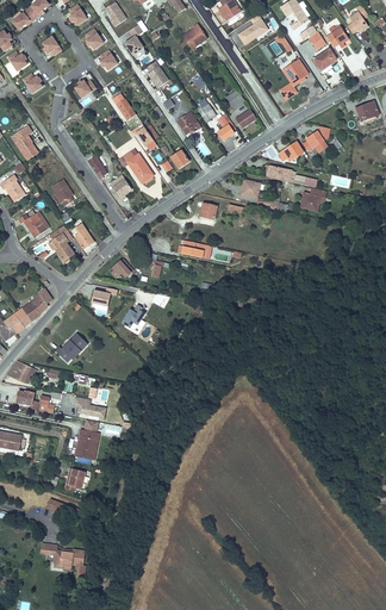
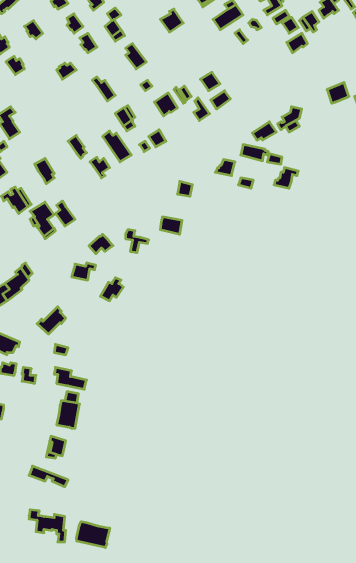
building: [278,60,307,99] -> none
building: none -> [76,522,110,548]

